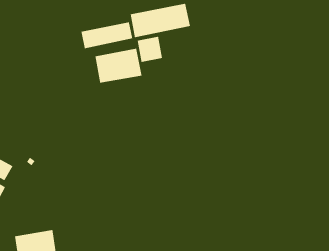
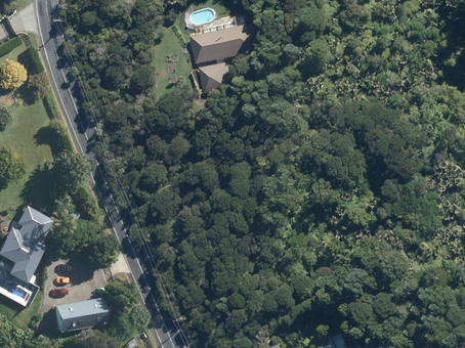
building: [81,22,133,49] -> none
building: [95,48,142,83] -> none

